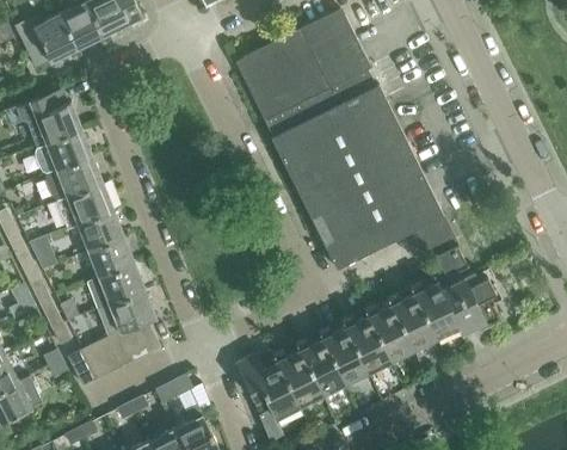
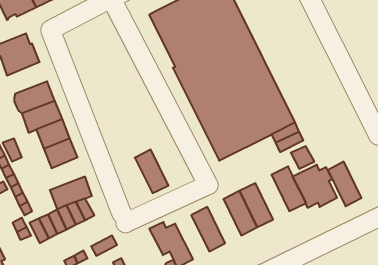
building: [35,128,92,173] -> none
building: [84,263,146,309] -> none
building: [387,288,435,351] -> [328,162,361,206]
building: [319,322,366,384] -> none
building: [273,345,321,407] -> [135,149,168,193]

